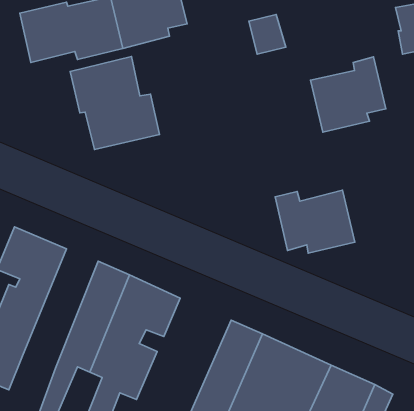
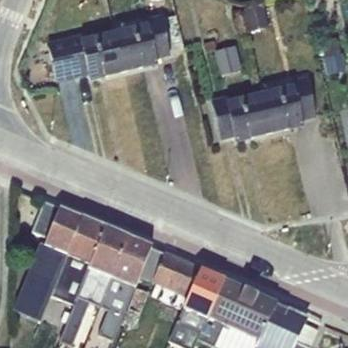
building: [70,57,160,150] -> none
building: [275,190,355,253] -> [211,93,269,139]
building: none -> [50,216,105,303]
building: none -> [150,252,202,309]

